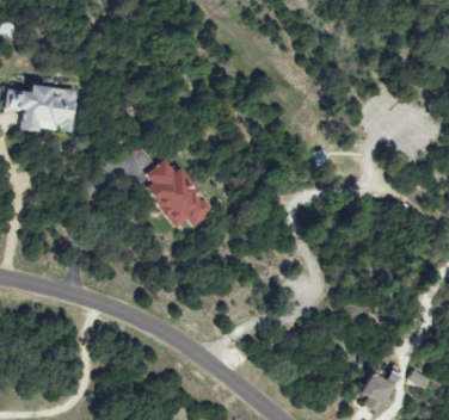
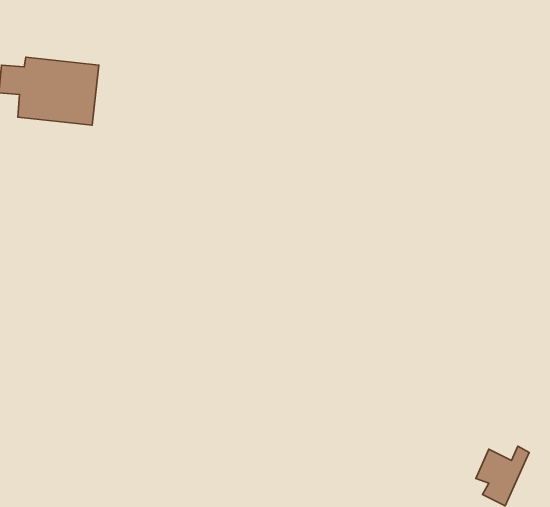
building: [147,159,213,228] -> none

